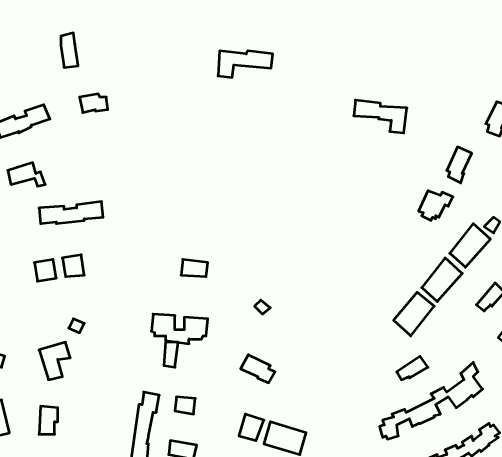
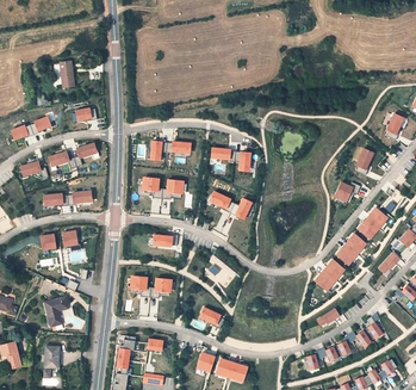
building: [218,51,273,77] -> [150,141,192,161]
building: [354,100,407,133] -> [211,147,252,172]
building: none -> [49,142,98,169]
building: none -> [142,177,185,199]
building: none -> [209,191,253,221]

